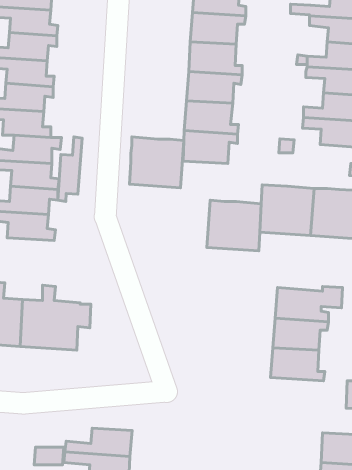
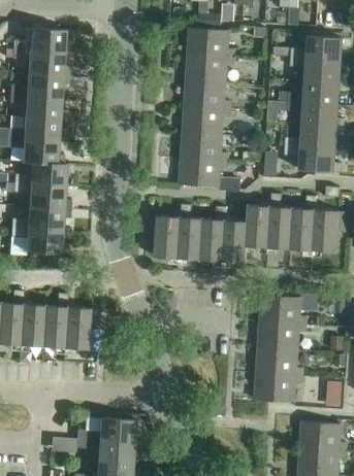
building: [58,137,82,201] -> none
building: [130,137,184,188] -> [155,215,202,260]
building: none -> [254,373,301,402]

